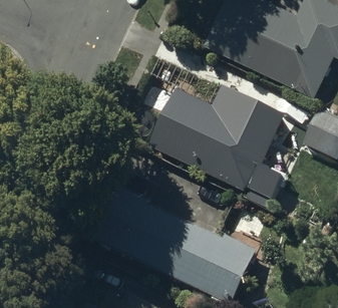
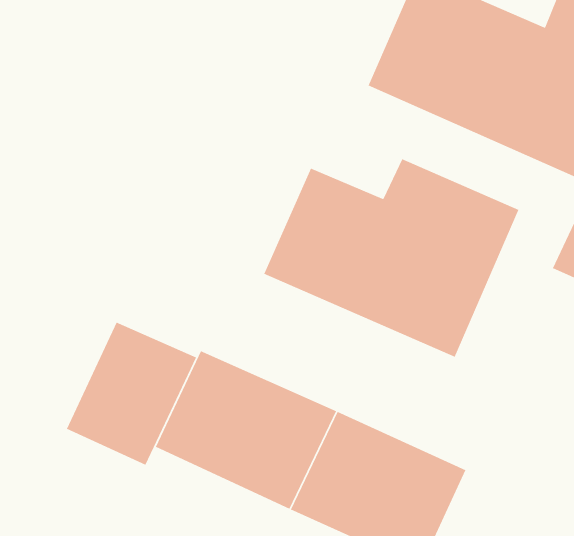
building: none -> [66,321,197,466]

